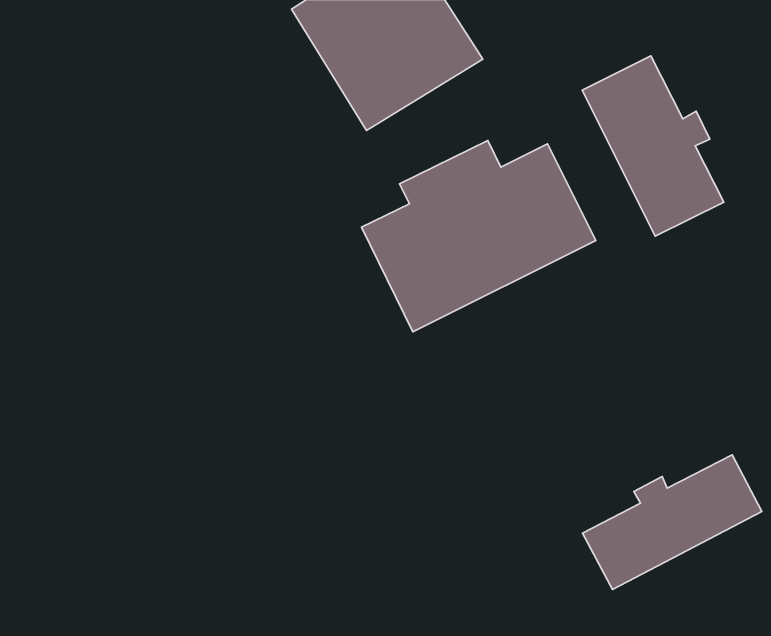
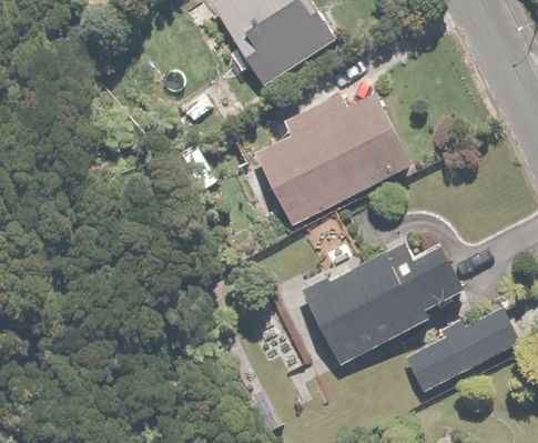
building: [582,56,724,236] -> none
building: none -> [303,243,465,365]

